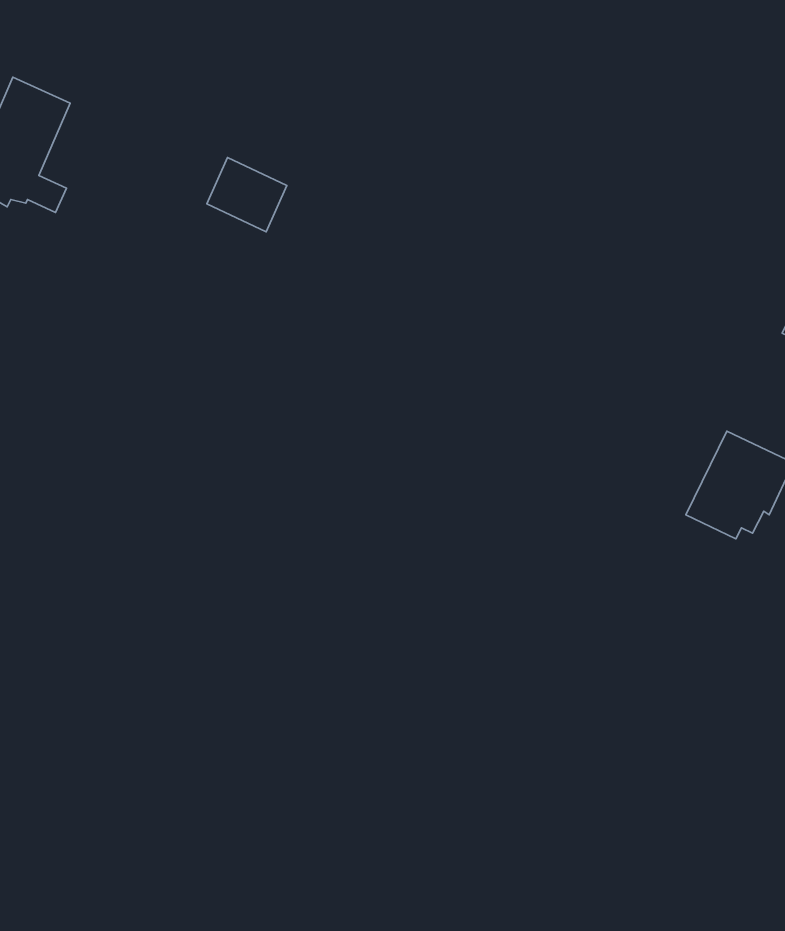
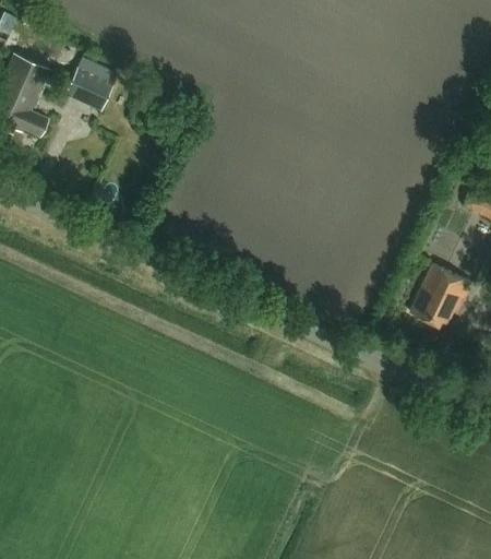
building: [207,158,287,232] -> [69,64,116,108]

